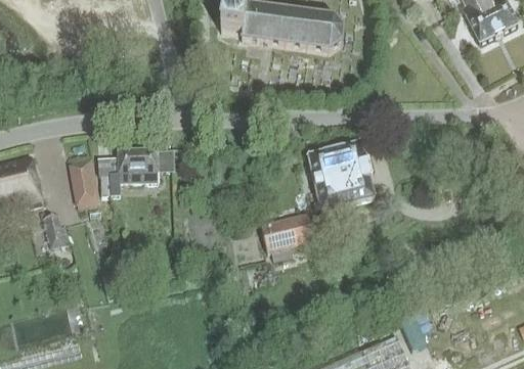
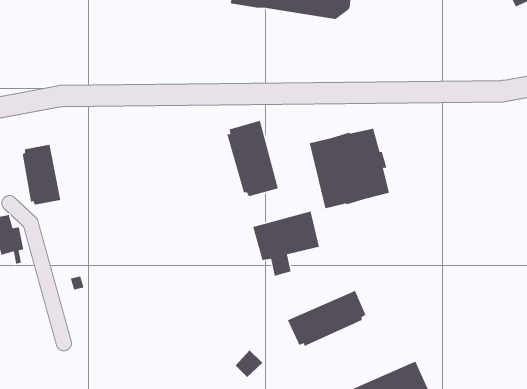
building: none -> [226,120,279,197]
building: [99,147,174,193] -> none
building: none -> [287,290,366,347]

